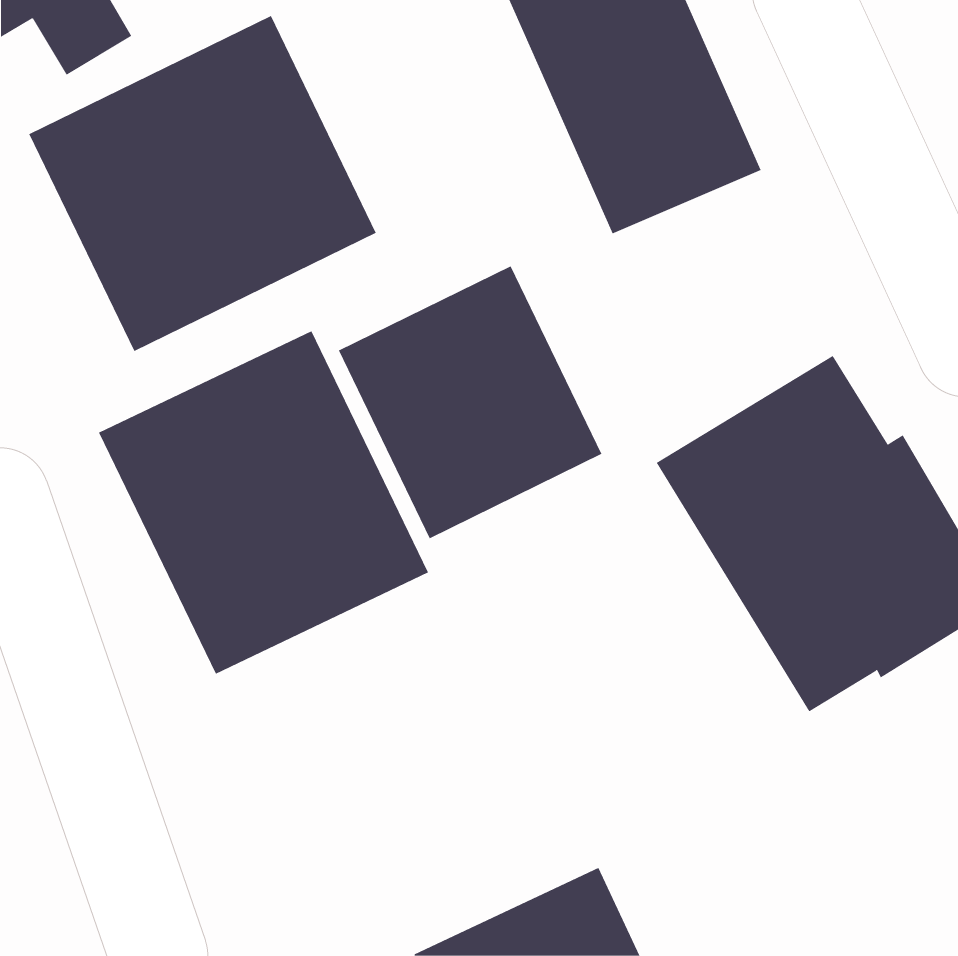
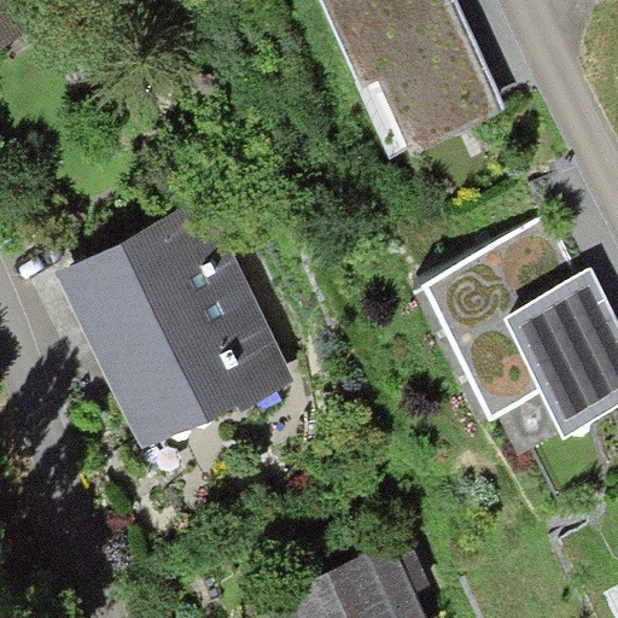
building: [28,15,377,352] -> none
building: [338,265,602,539] -> none

